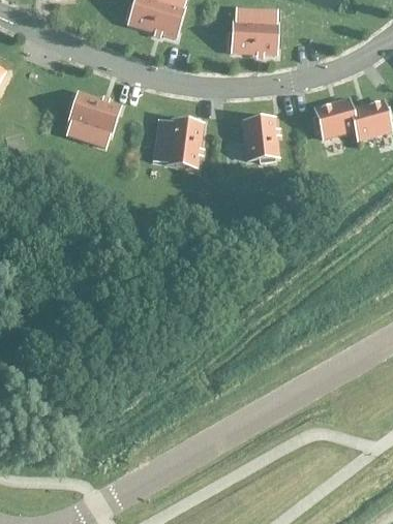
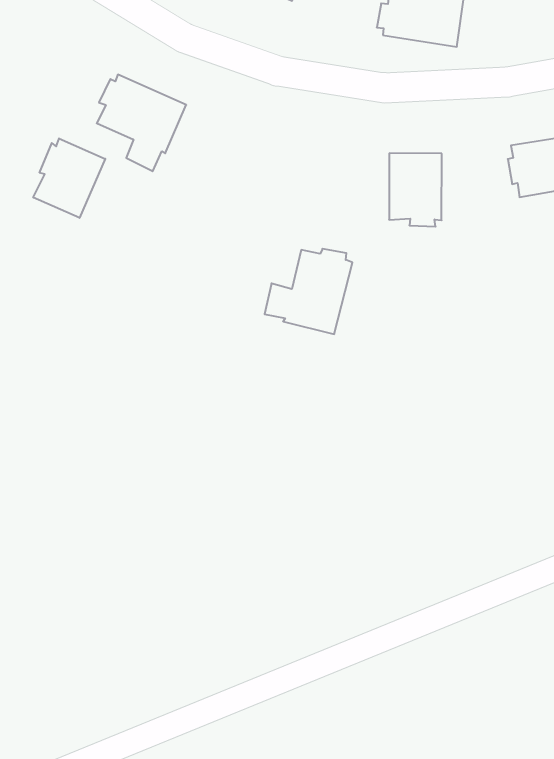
building: [153,118,202,167] -> [265,249,352,334]
building: none -> [33,138,105,218]

